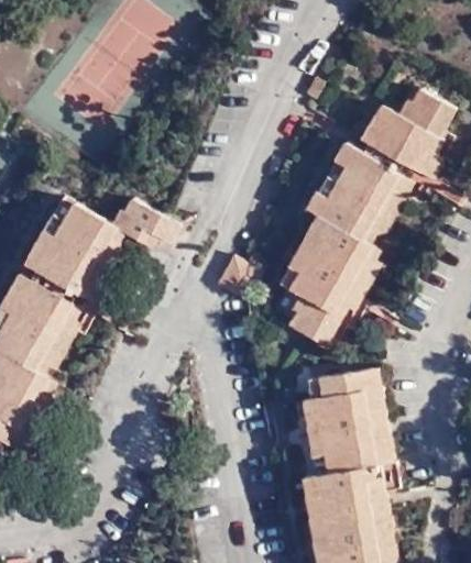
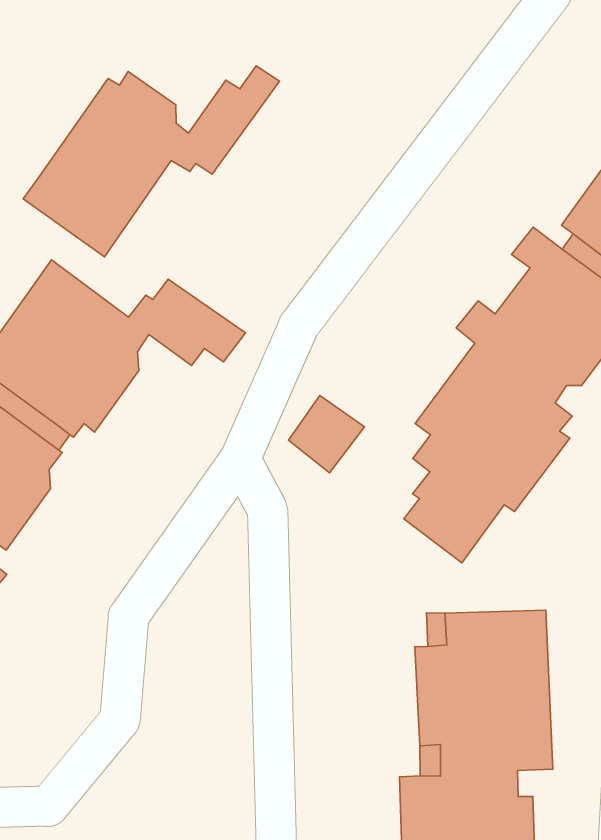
building: none -> [23,66,280,257]

